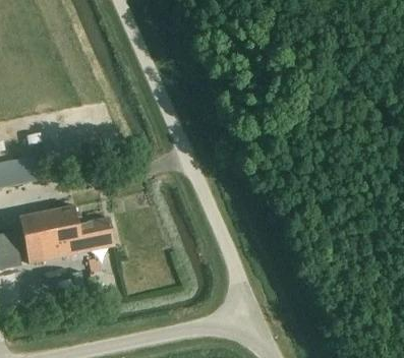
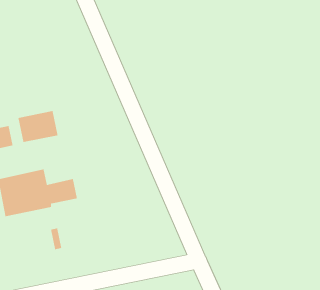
building: none -> [18,110,58,143]

